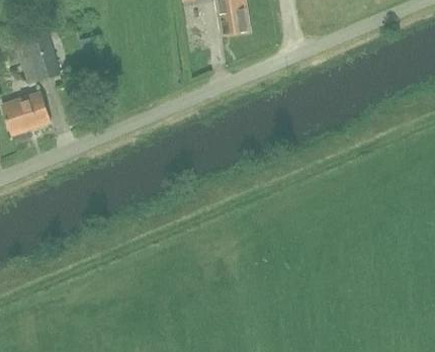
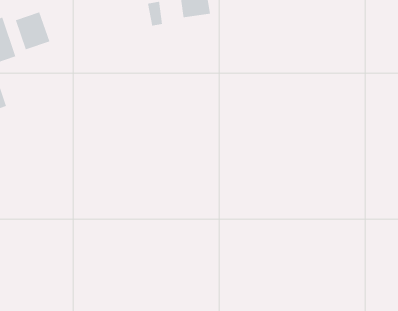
building: none -> [15,12,50,50]

